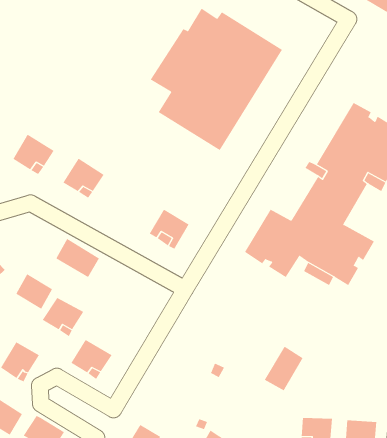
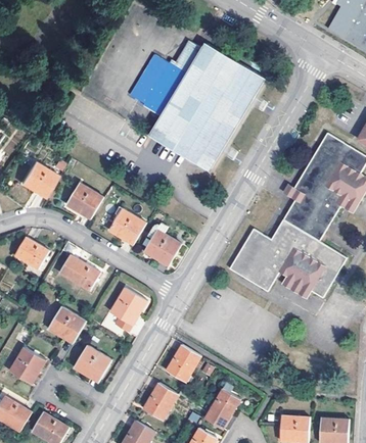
building: none -> [108,207,146,244]
building: [15,273,53,310] -> [15,237,49,269]
building: none -> [110,287,147,331]
building: none -> [167,344,200,381]
building: [264,346,304,391] -> [204,387,240,428]
building: none -> [143,382,178,420]

